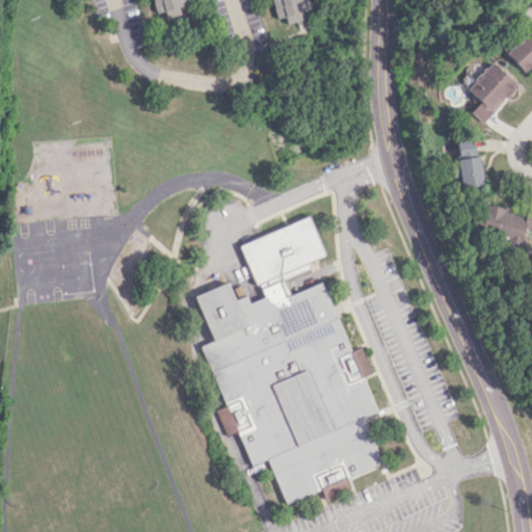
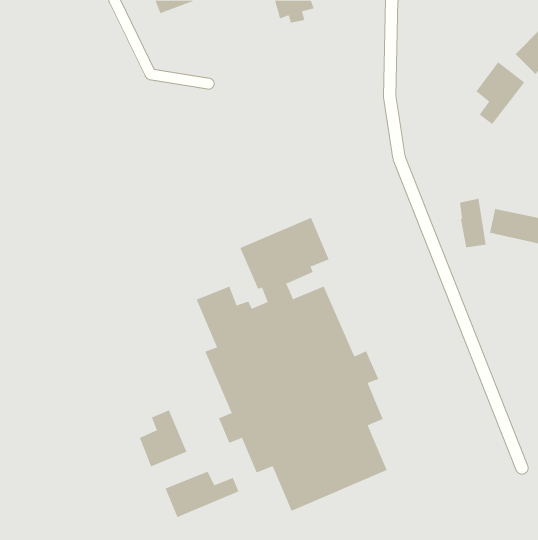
building: [458,139,485,188] -> [459,198,487,248]
building: none -> [139,410,187,467]
building: none -> [165,471,239,518]

